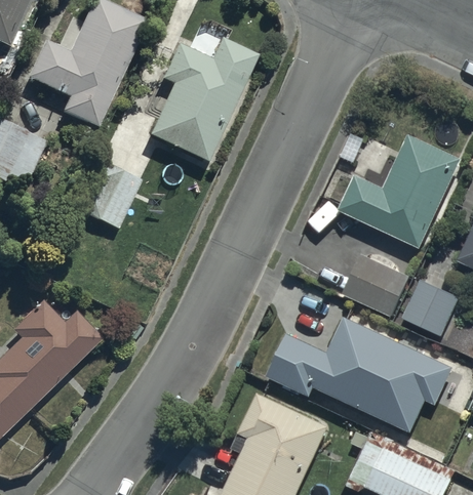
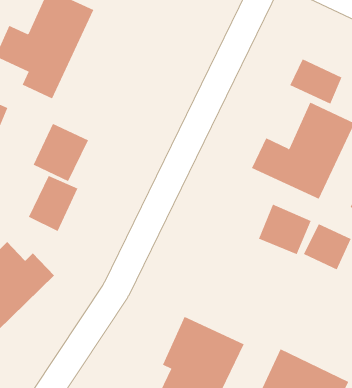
building: [149,40,255,163] -> none
building: none -> [290,58,342,104]
building: none -> [28,175,78,232]
building: [269,318,451,435] -> none

